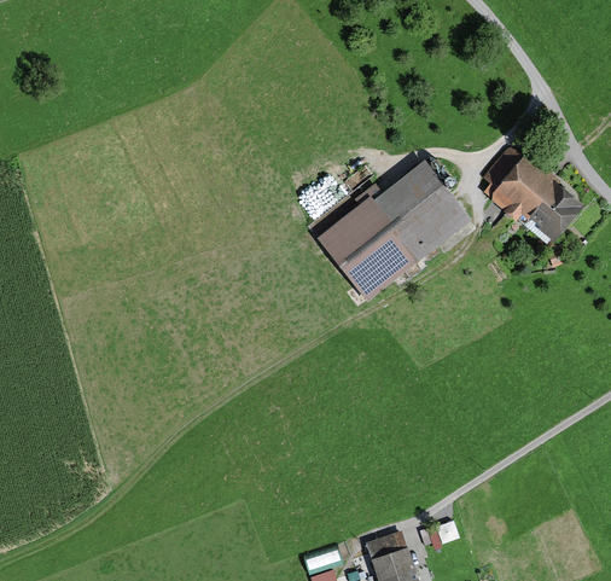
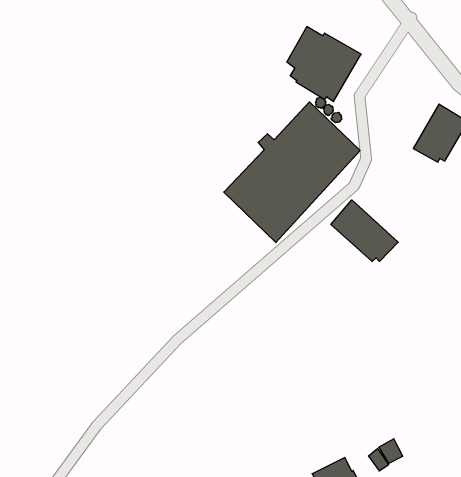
building: [482,145,559,226] -> [287,27,361,102]
building: none -> [331,200,398,262]

